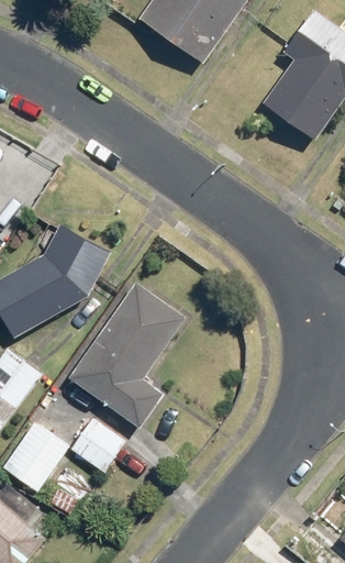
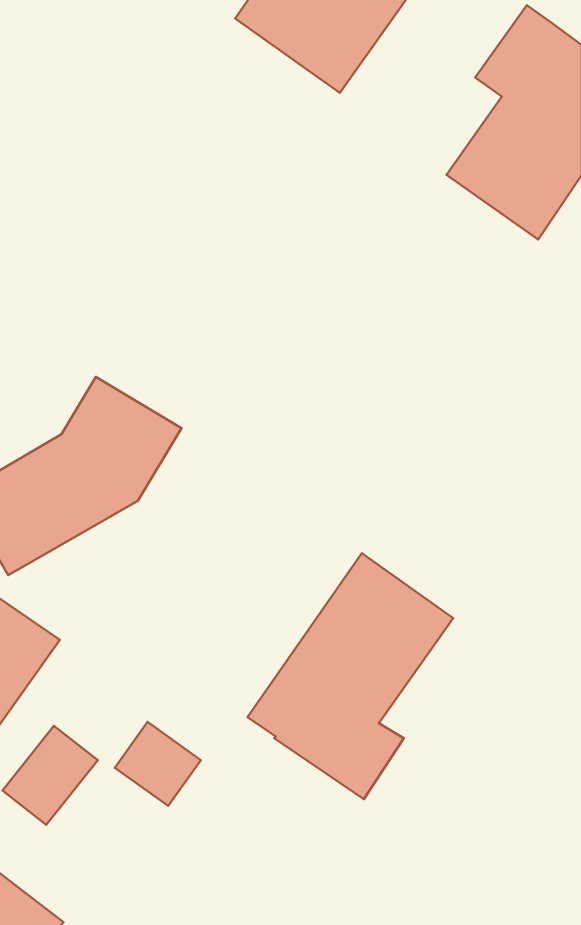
building: [68,284,187,426] -> [247,553,453,799]

